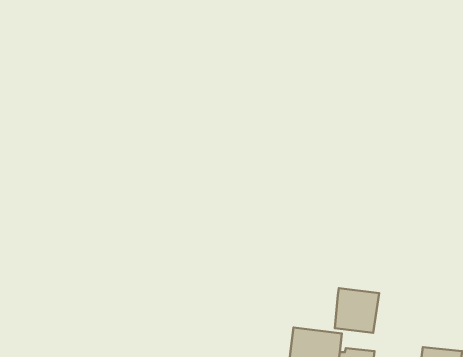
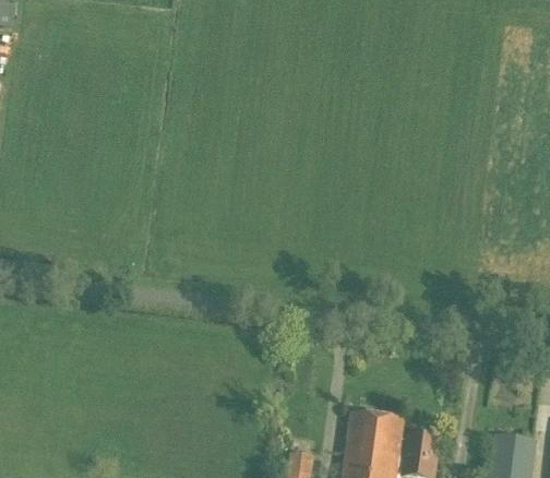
building: [335,288,379,333] -> none

